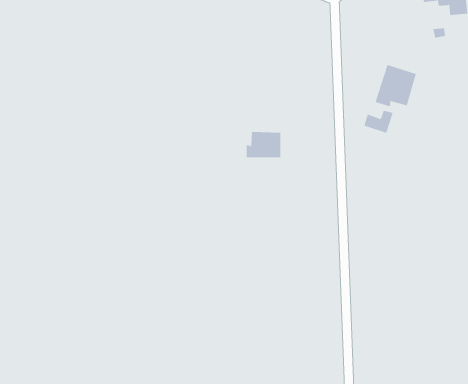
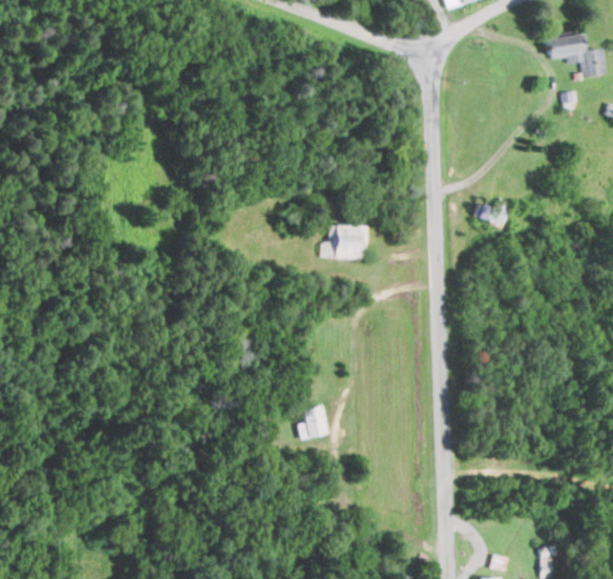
building: [375,64,416,107] -> none
building: none -> [296,405,329,440]

